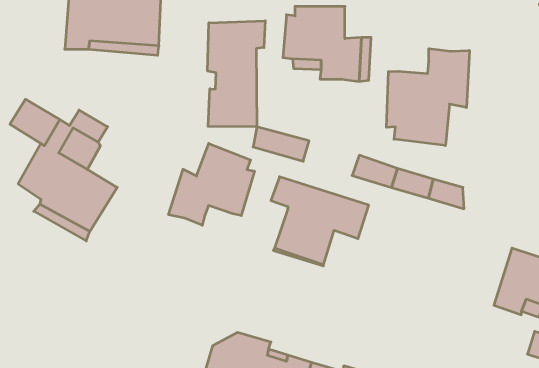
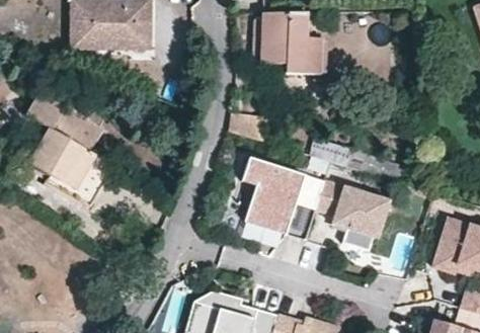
building: [208,21,265,127] -> none
building: [387,49,469,146] -> none
building: [169,143,254,225] -> none
building: none -> [317,180,389,251]

